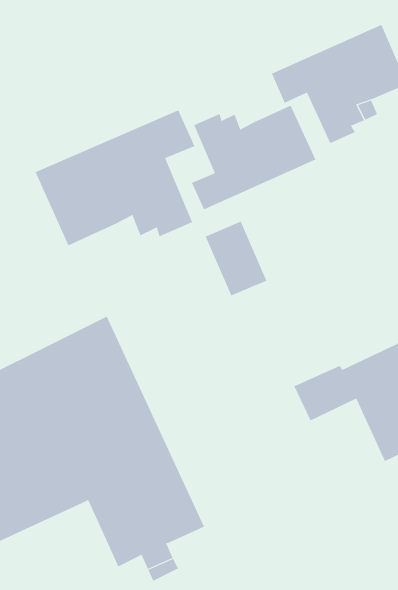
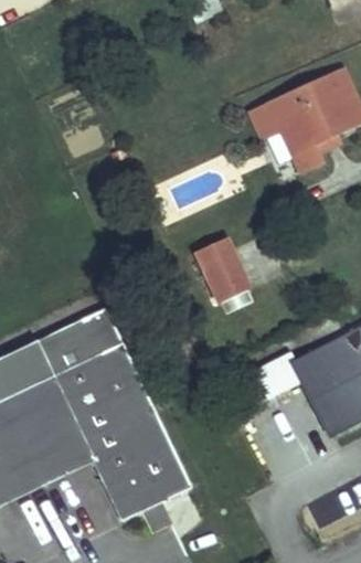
building: [191,105,316,210] -> none
building: [35,109,195,246] -> none

